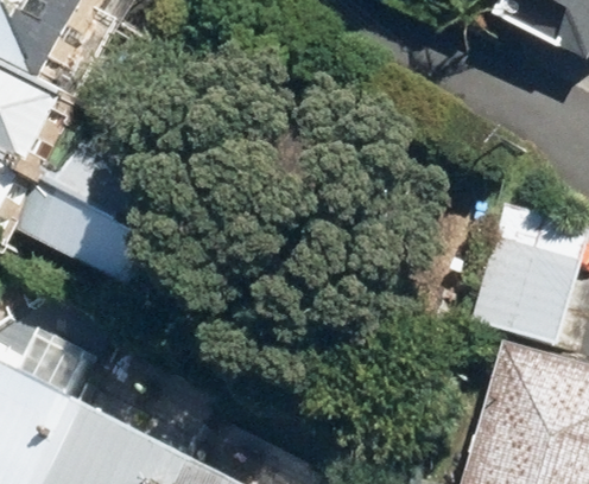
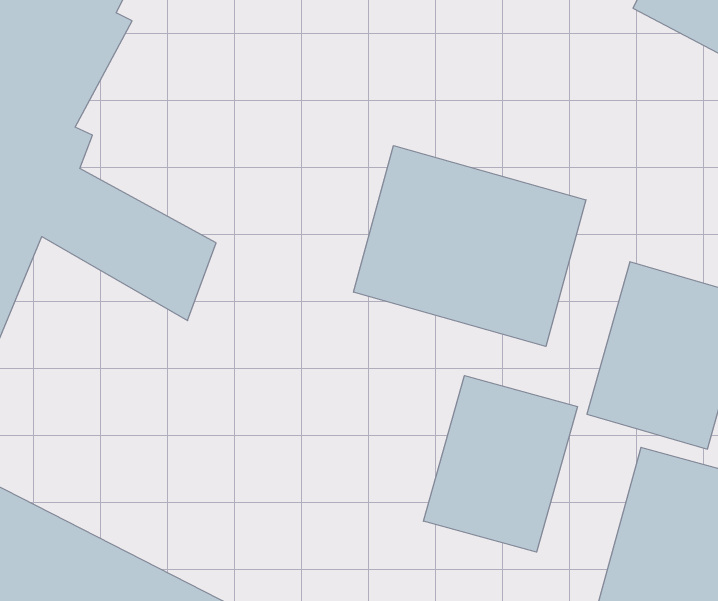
building: none -> [354,146,586,346]
building: none -> [423,376,578,552]

